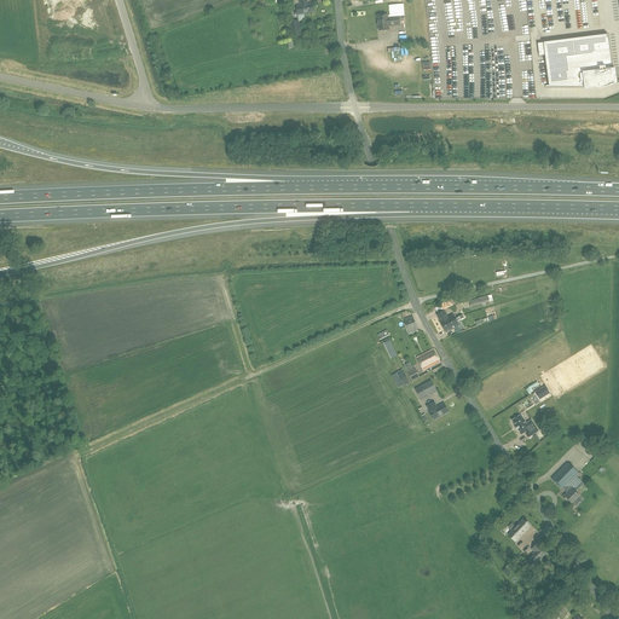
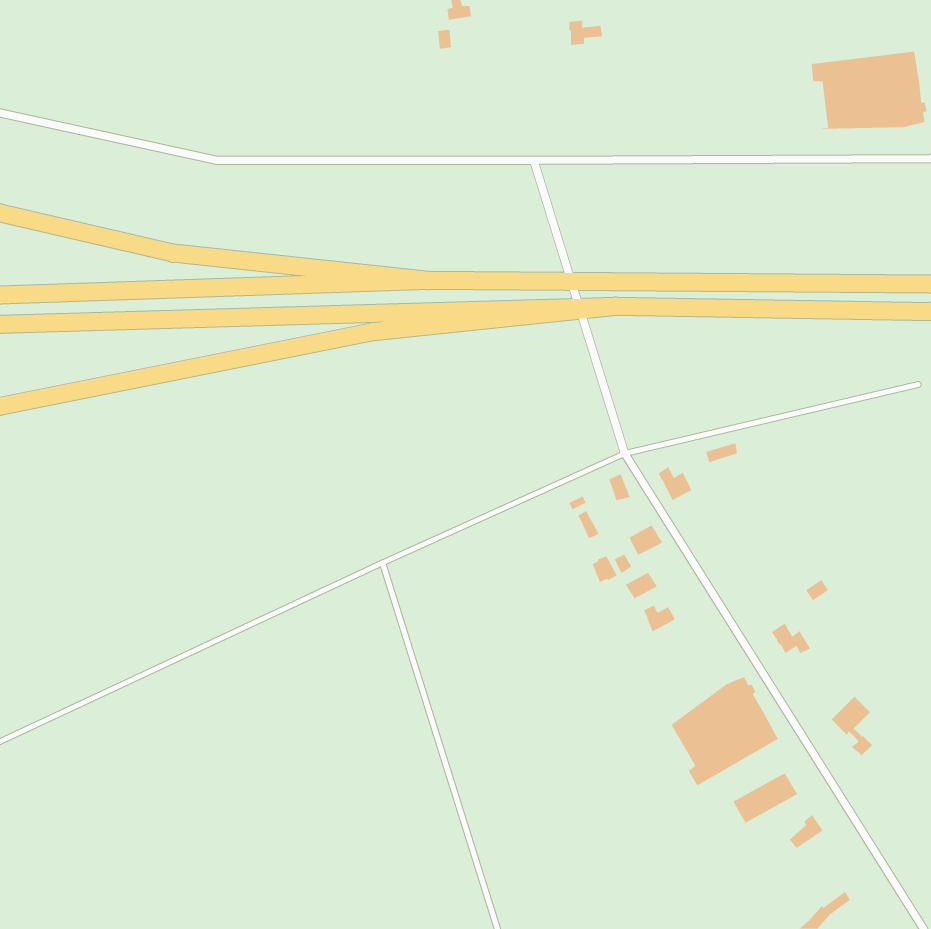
building: none -> [667,676,779,786]

